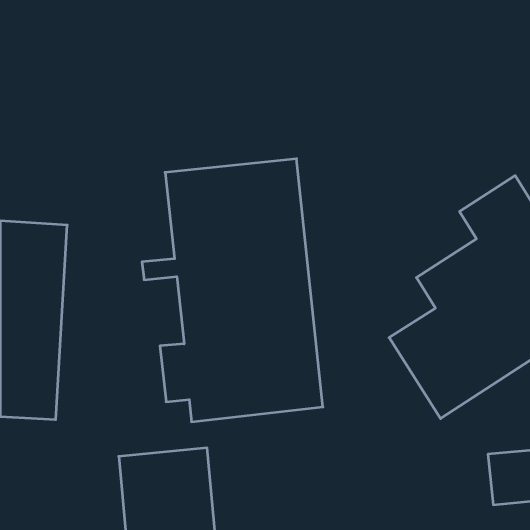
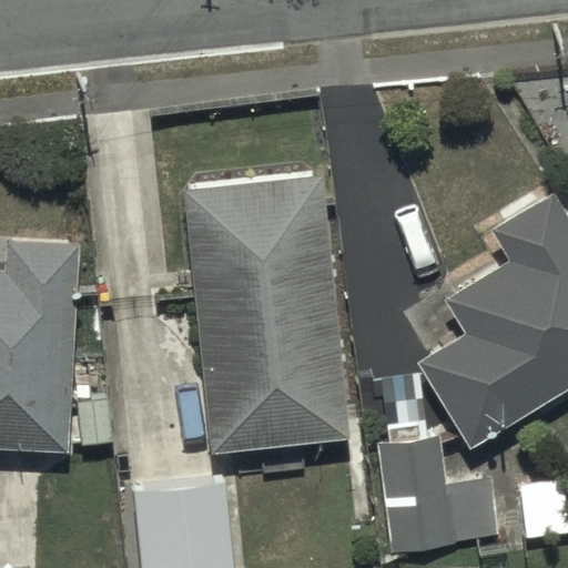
building: none -> [378,376,514,556]

